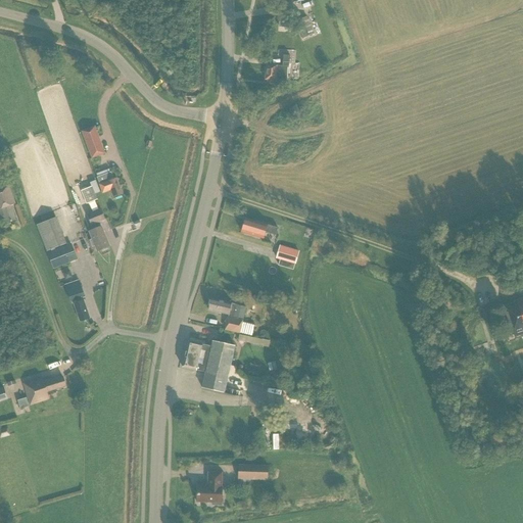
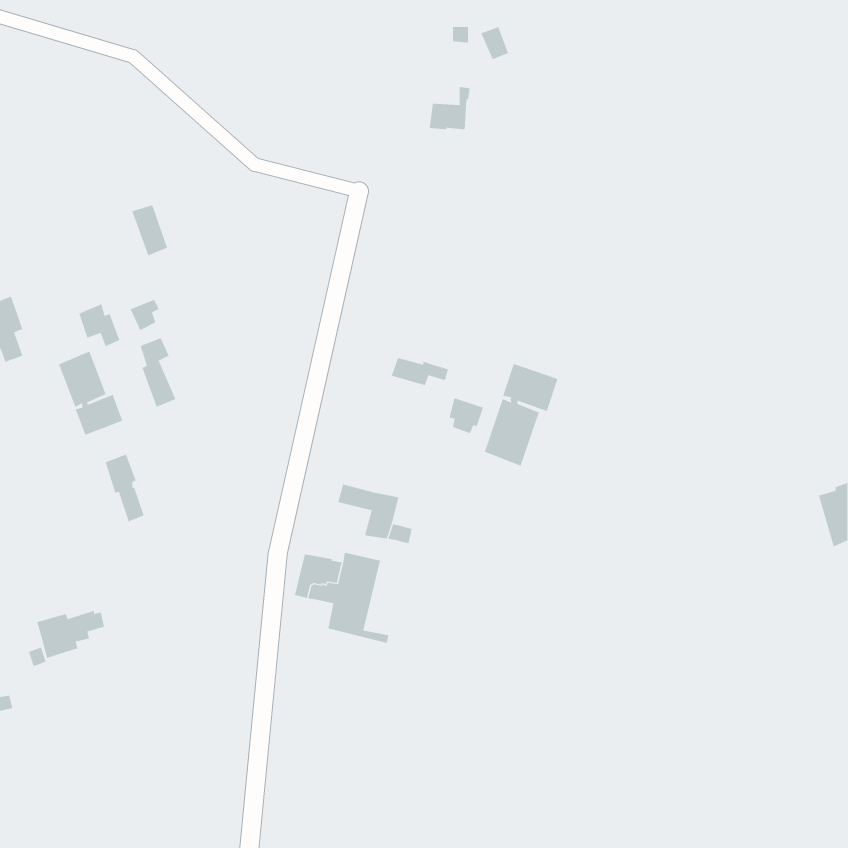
building: [96,171,122,197] -> [79,304,120,347]
building: none -> [484,363,558,466]
building: [237,464,267,479] -> none
building: [195,471,221,504] -> none

